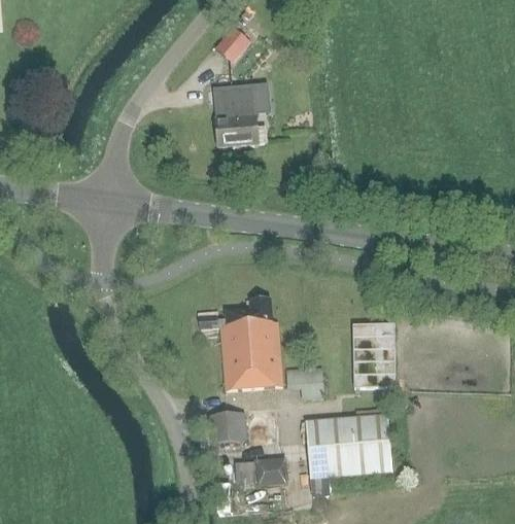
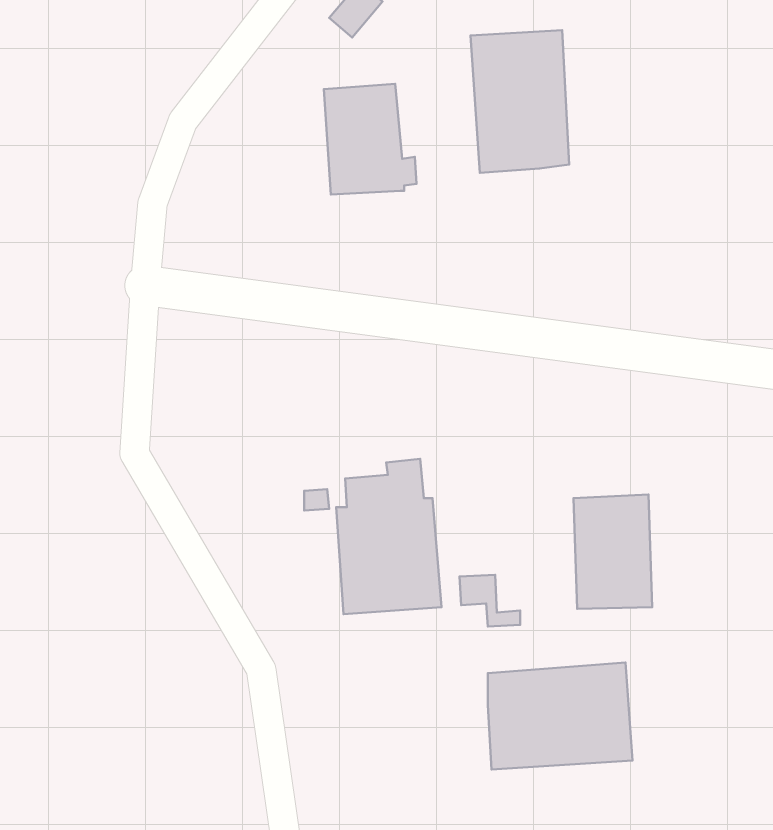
building: none -> [470,30,569,173]
building: [208,413,245,443] -> none
building: [240,456,291,504] -> none

